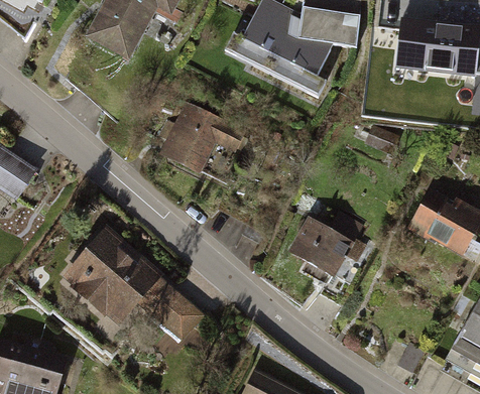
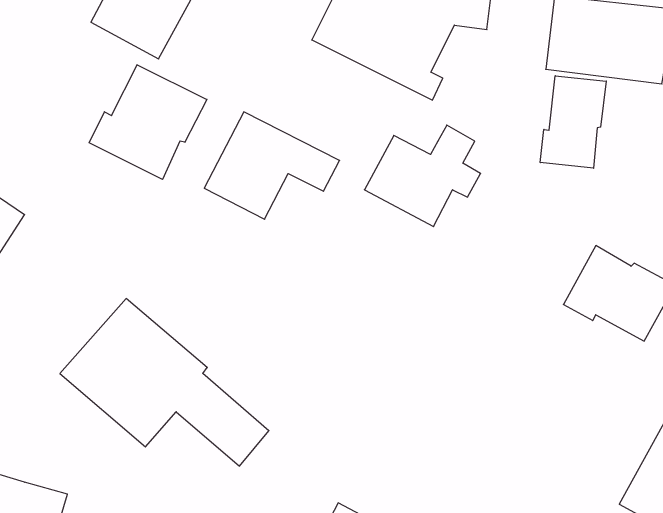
building: none -> [89,65,207,179]
building: none -> [540,76,606,168]
building: [285,212,365,281] -> [364,125,481,227]

